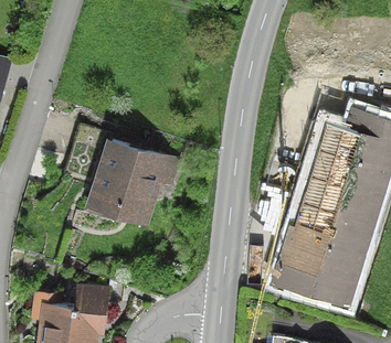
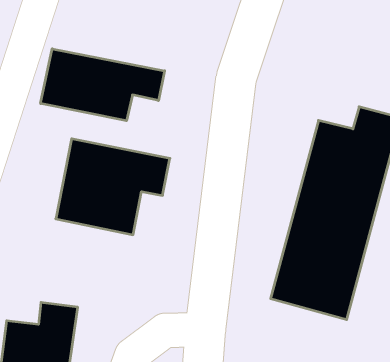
building: none -> [41,49,165,121]

